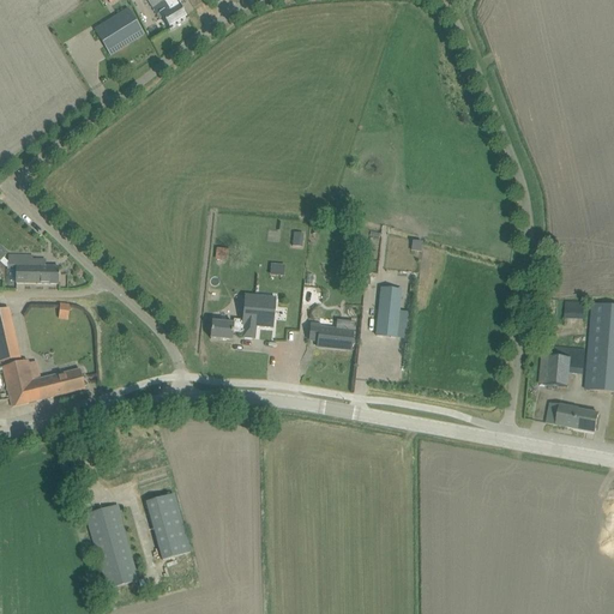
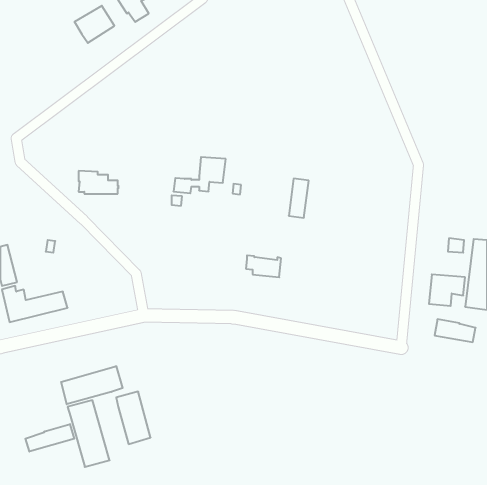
building: [8,253,59,282] -> [79,171,119,194]
building: [375,287,401,336] -> [289,179,309,218]
building: [210,294,276,339] -> [173,157,226,193]
building: none -> [61,366,123,404]
building: none -> [25,424,74,452]

